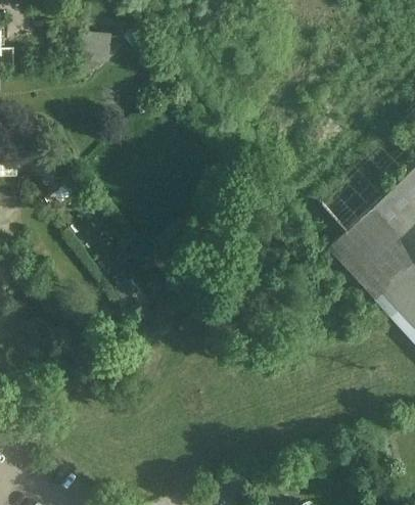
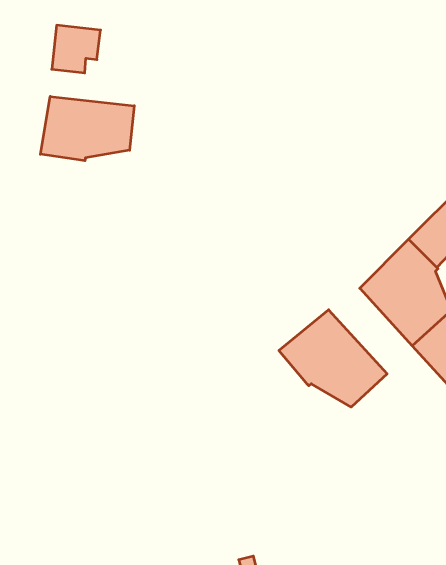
building: none -> [40,96,134,161]
building: none -> [279,310,387,407]

